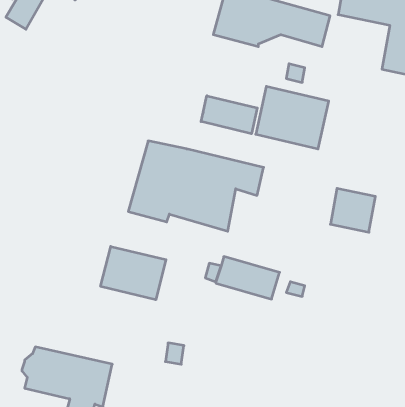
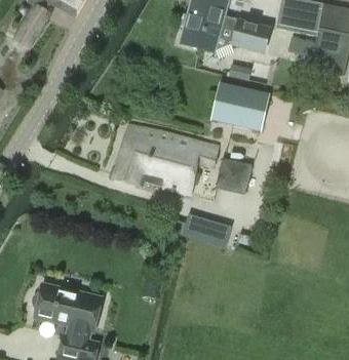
building: [201,96,257,134] -> none
building: [330,188,375,232] -> [219,157,254,191]
building: [101,246,166,300] -> none

